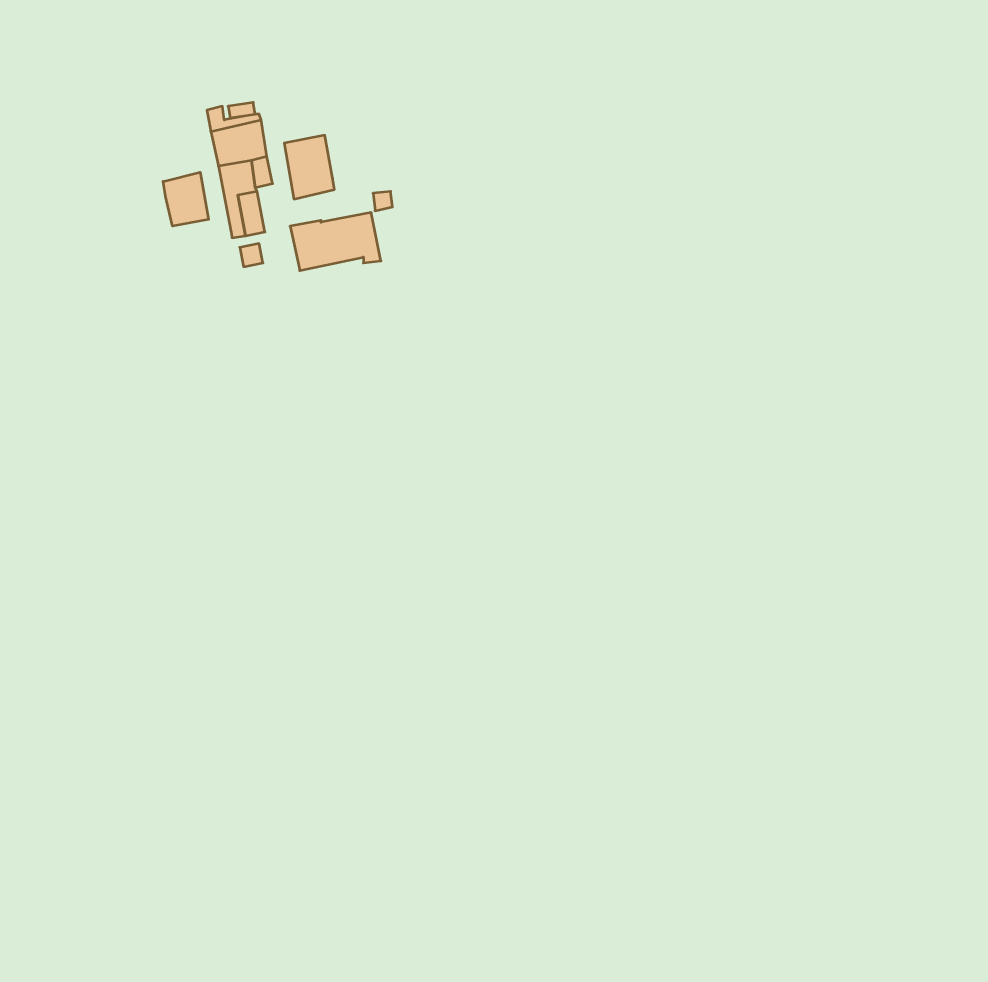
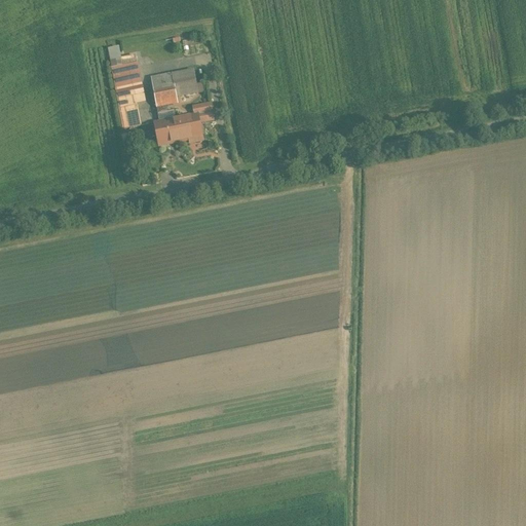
building: none -> [173,68,197,95]
building: [163,172,209,226] -> none

